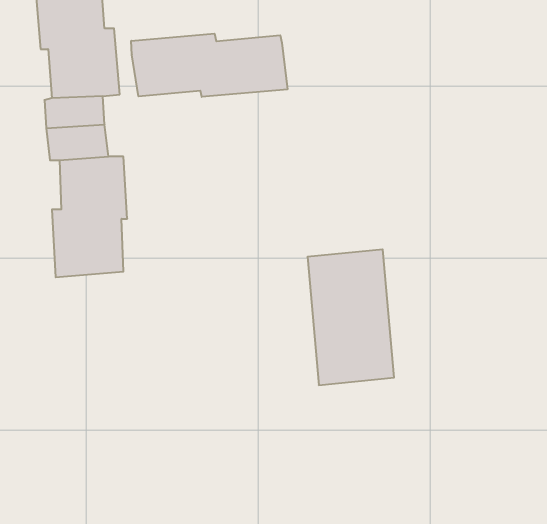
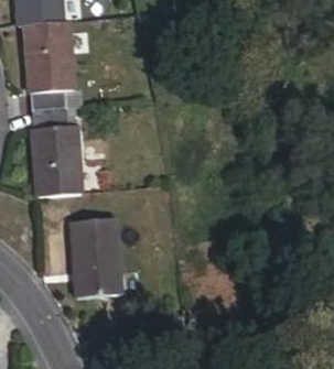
building: [131,34,287,97] -> none
building: [307,249,394,385] -> [72,216,122,295]

